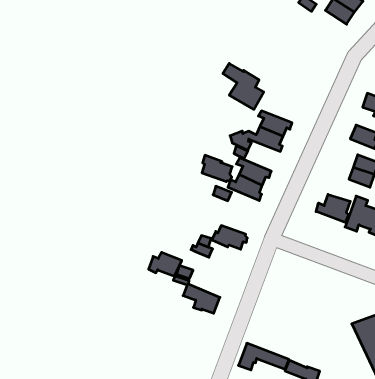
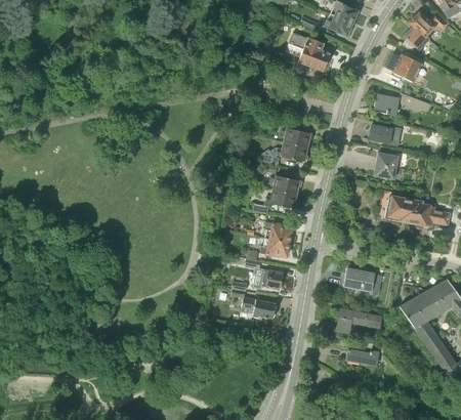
building: [223,63,264,109] -> [290,33,330,71]
building: [202,155,232,182] -> [264,221,293,242]
building: [316,194,350,222] -> none
building: [149,252,182,276] -> [254,268,283,288]
building: none -> [344,268,374,291]
building: [238,343,289,370] -> [337,308,382,332]

